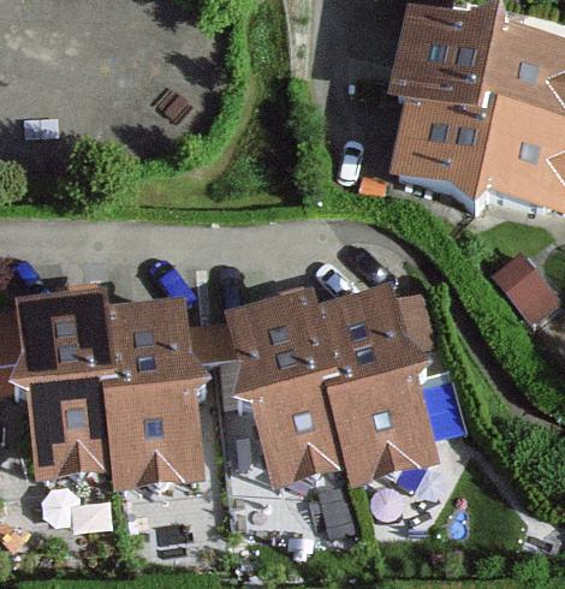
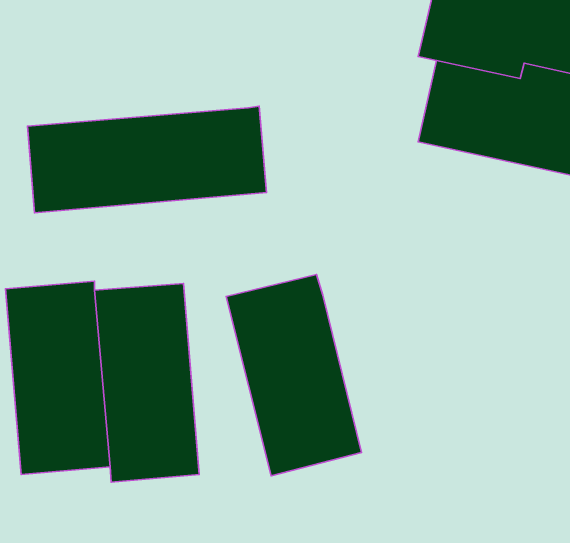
building: none -> [27,106,266,213]
building: [315,291,438,482] -> none

